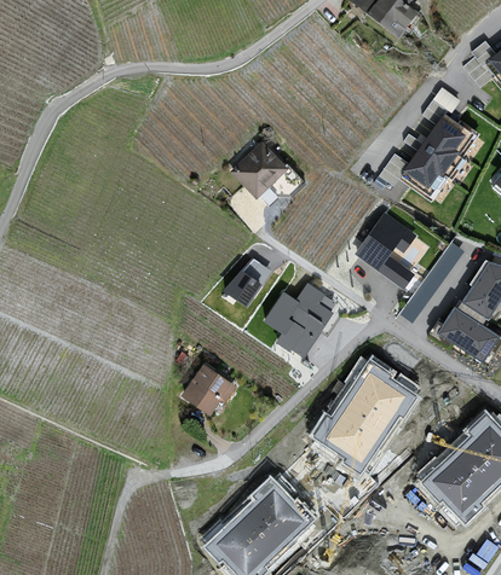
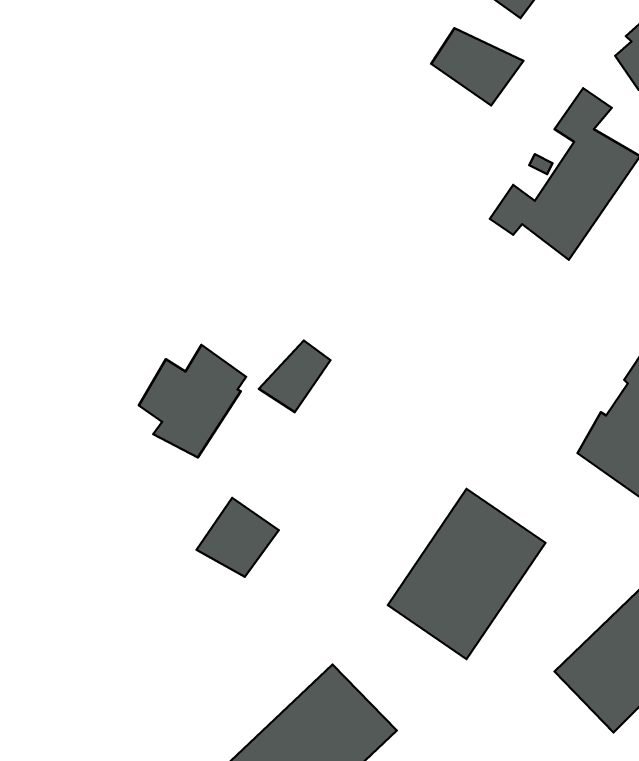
building: none -> [431,28,524,105]
building: [230,141,287,197] -> none
building: [356,213,418,289] -> none
building: [265,281,338,358] -> [139,345,246,458]

